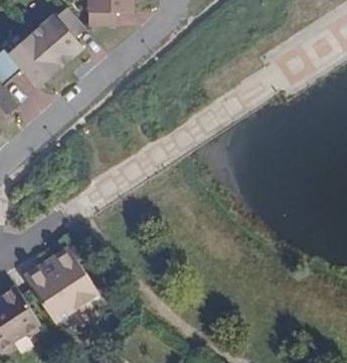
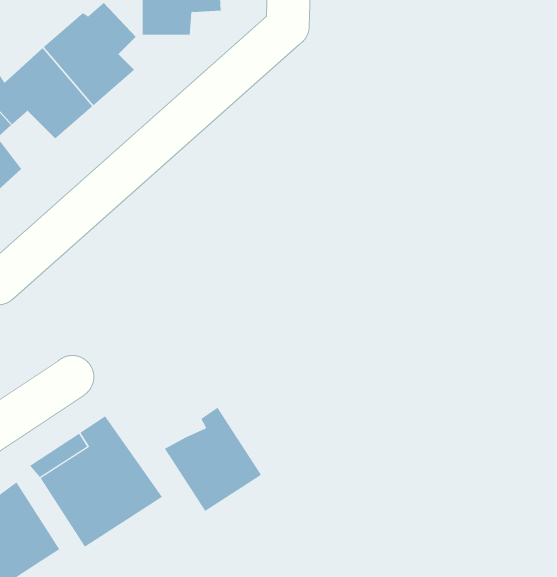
building: none -> [164,407,262,512]

